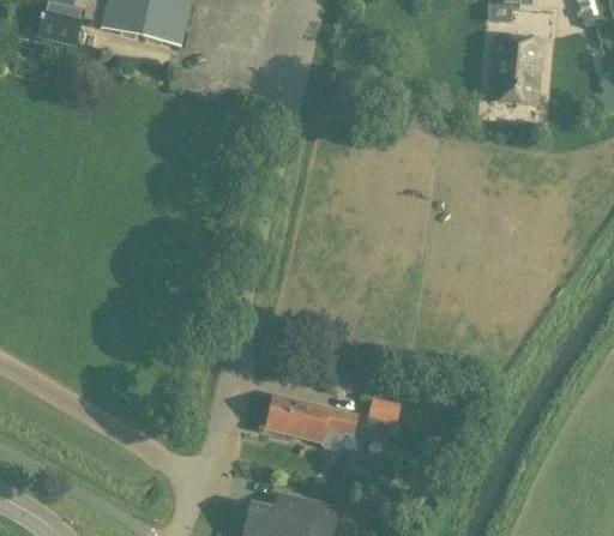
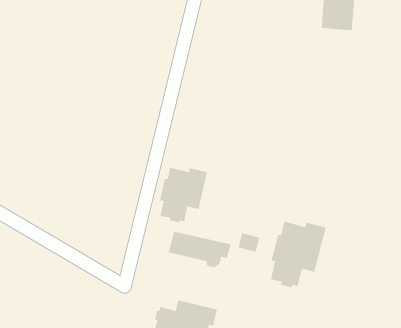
building: none -> [159,167,208,223]
building: none -> [270,220,327,288]

